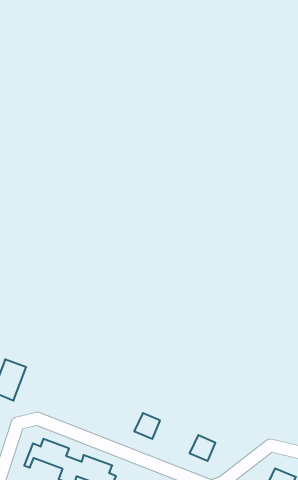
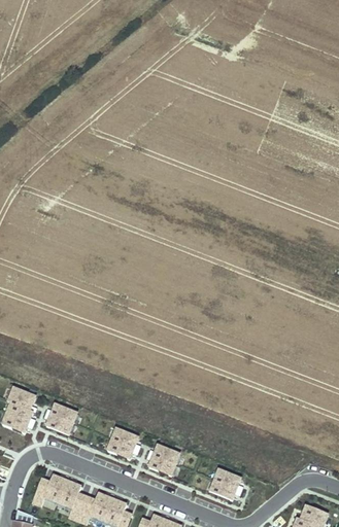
building: none -> [48,405,76,432]
building: none -> [109,429,137,457]

